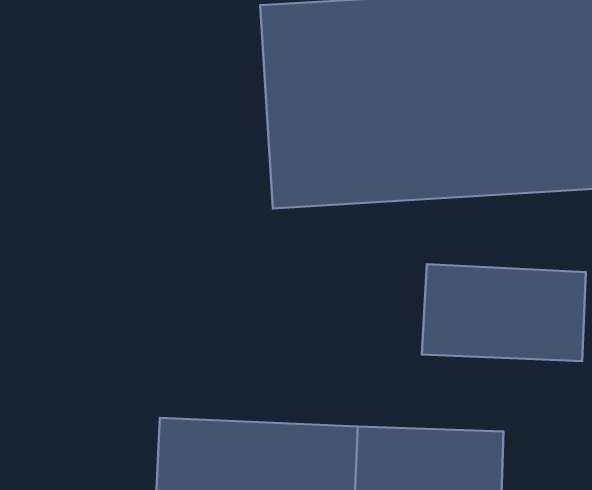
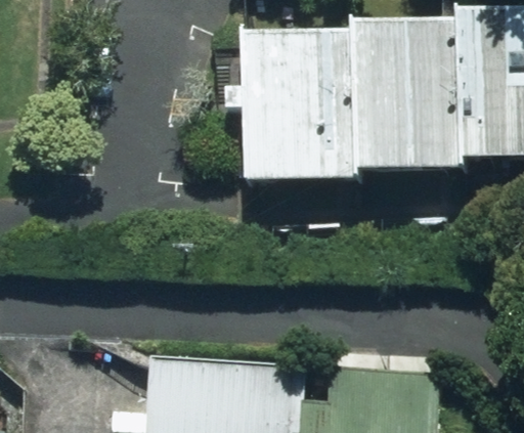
building: [422,264,586,361] -> none

